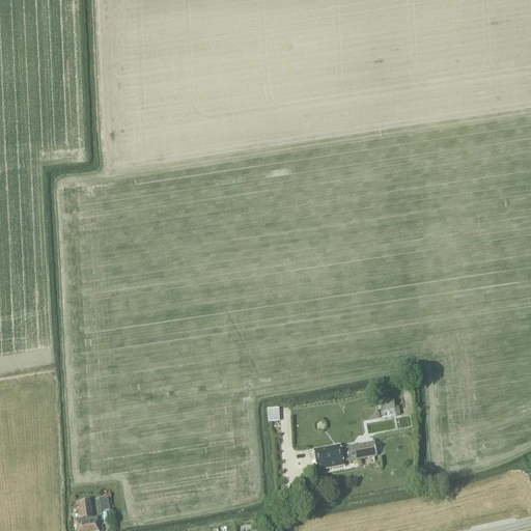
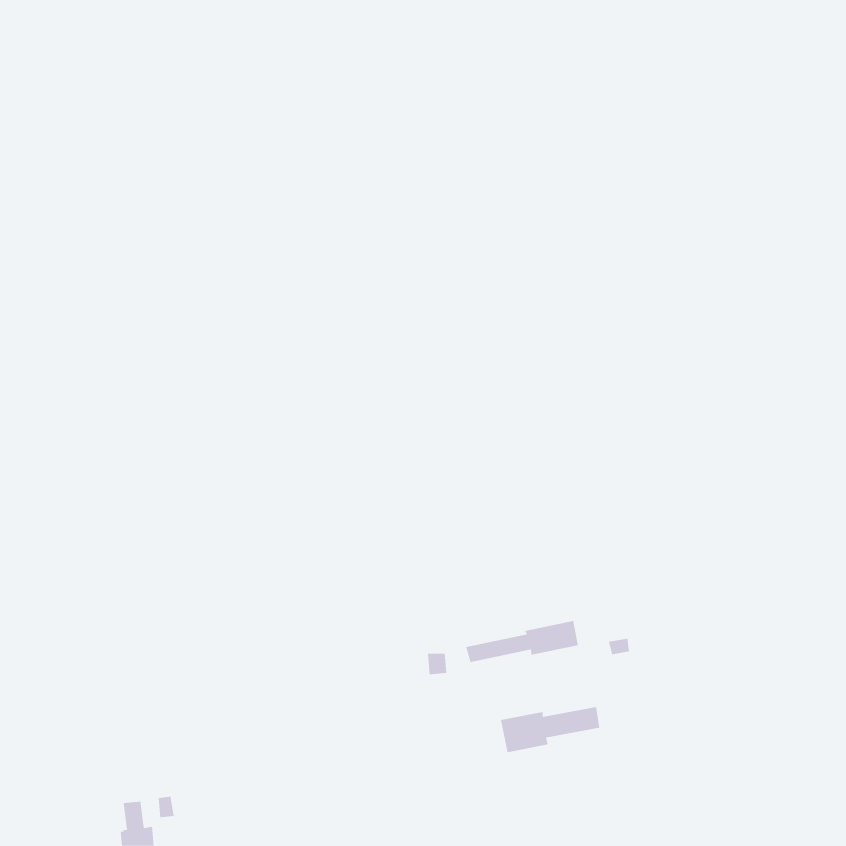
building: none -> [466,620,578,663]

